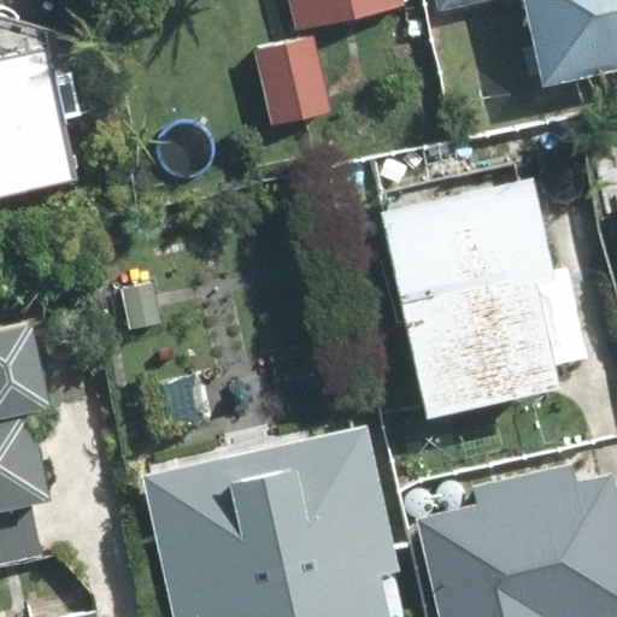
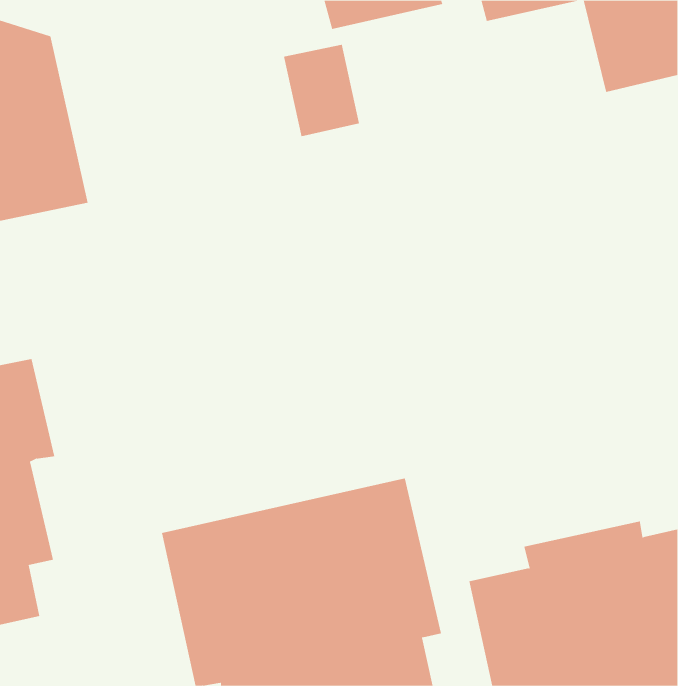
building: [387,183,563,416] -> none

